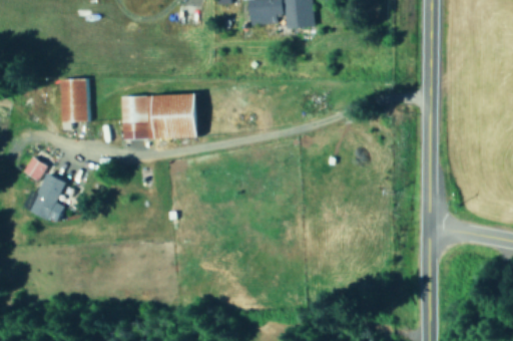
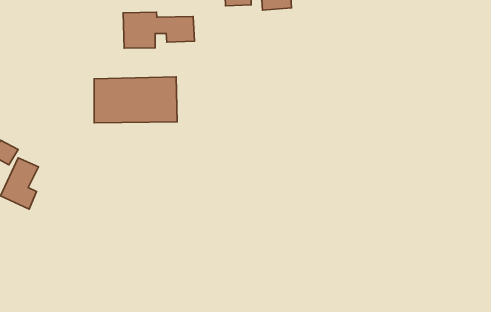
building: none -> [123,12,194,48]
building: [60,78,88,121] -> none

